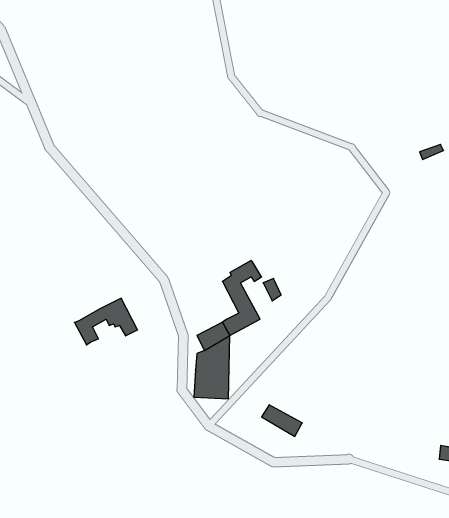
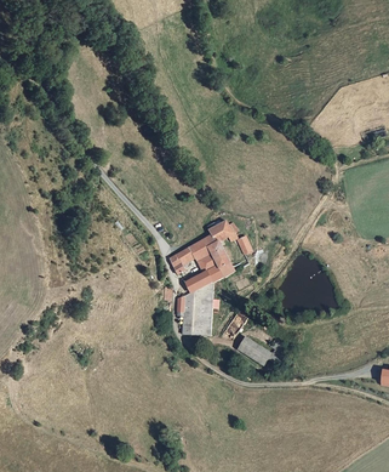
building: [74,298,138,345] -> [166,239,217,277]

